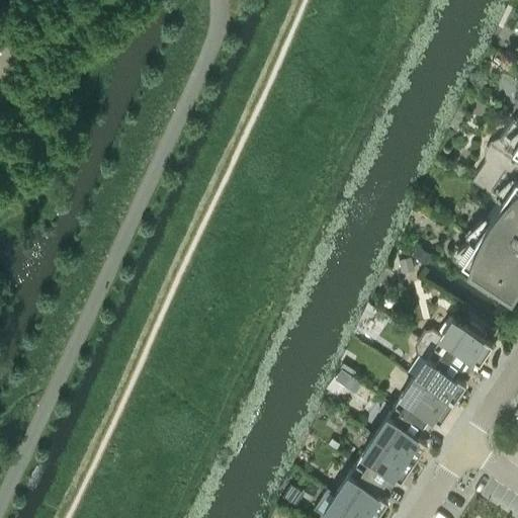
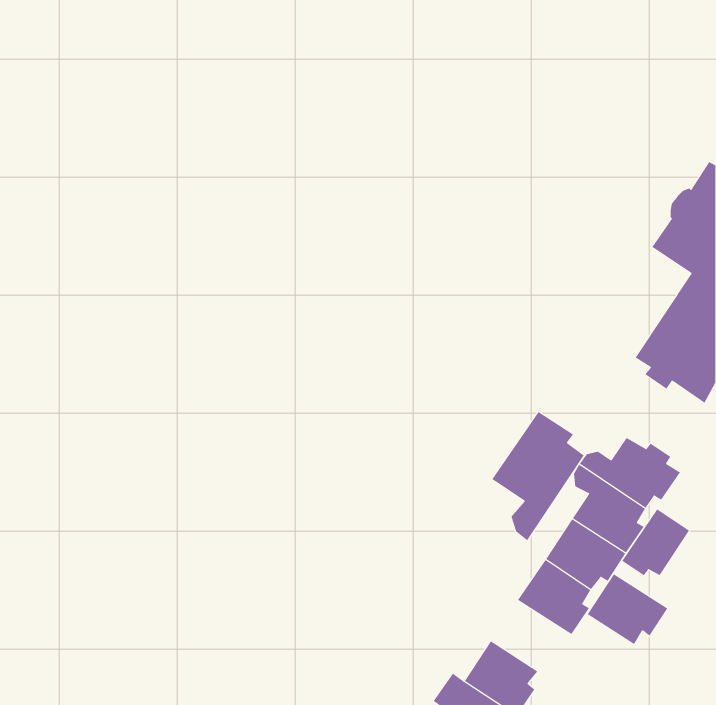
building: none -> [491,411,585,541]
building: none -> [621,508,690,576]
building: [354,441,413,493] -> [587,573,668,645]

